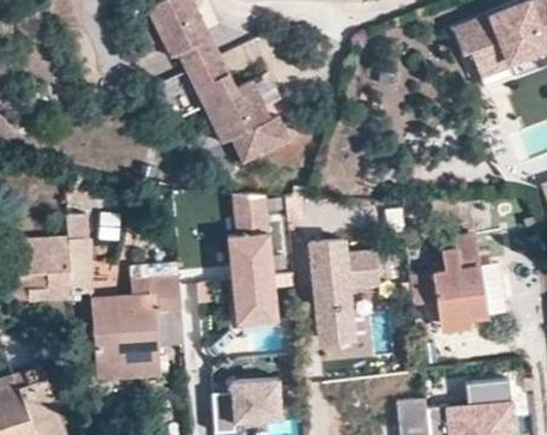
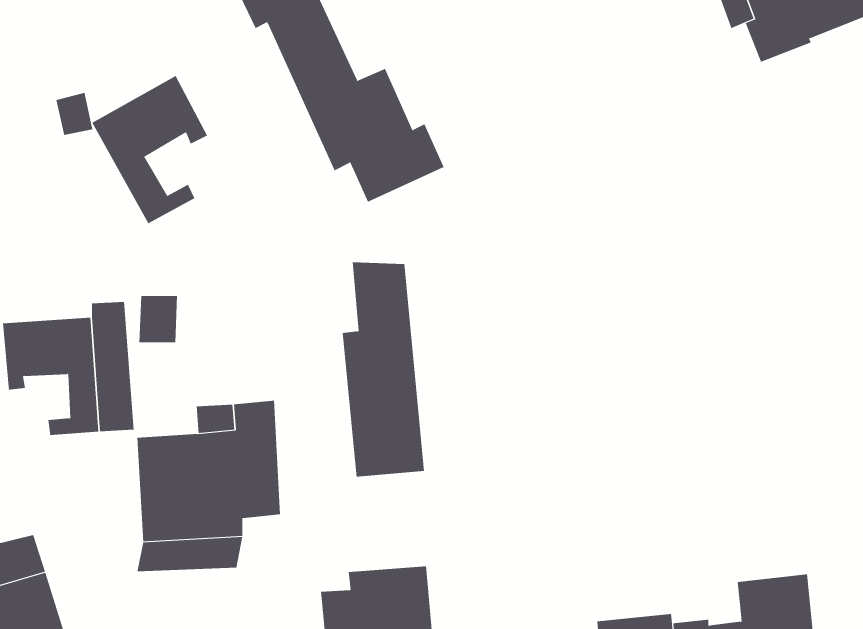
building: none -> [92,75,208,224]
building: [410,232,494,331] -> none
building: [312,250,381,351] -> none

